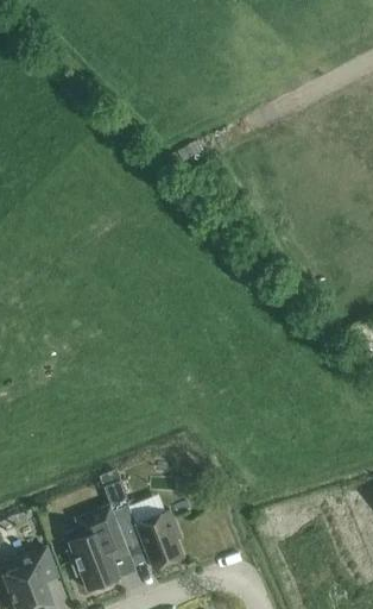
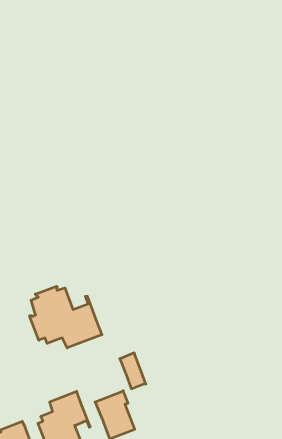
building: none -> [30,286,102,348]
building: [105,479,137,523] -> [120,353,146,389]

